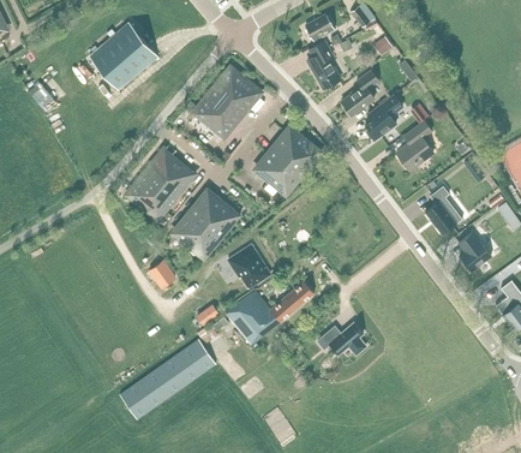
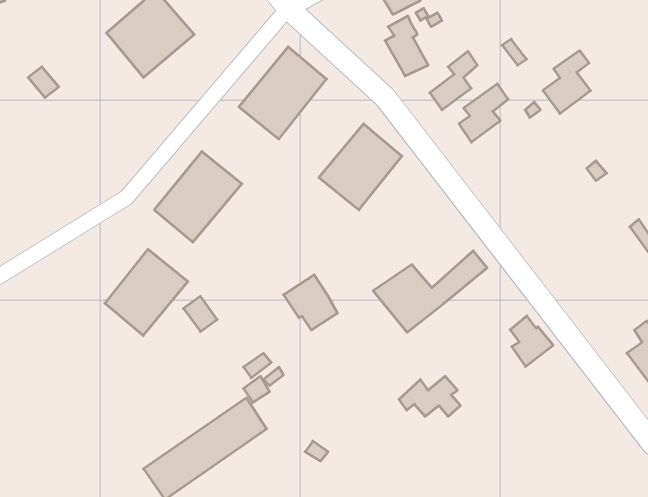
building: [395,121,432,171] -> [543,51,591,114]
building: [424,185,461,234] -> none
building: [173,190,238,257] -> [105,249,188,336]
building: [457,232,491,272] -> [510,316,553,367]
building: [224,280,313,344] -> [373,251,487,332]

